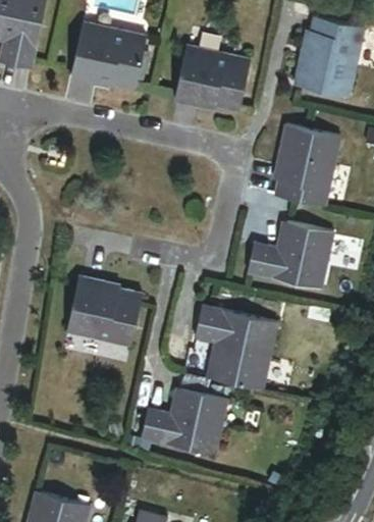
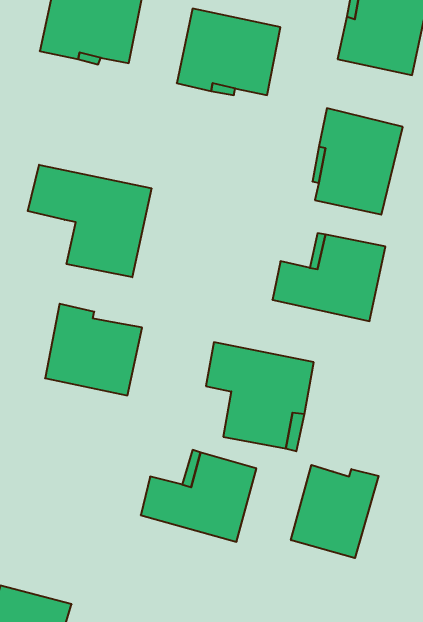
building: none -> [28,165,151,277]
building: none -> [291,465,379,558]

